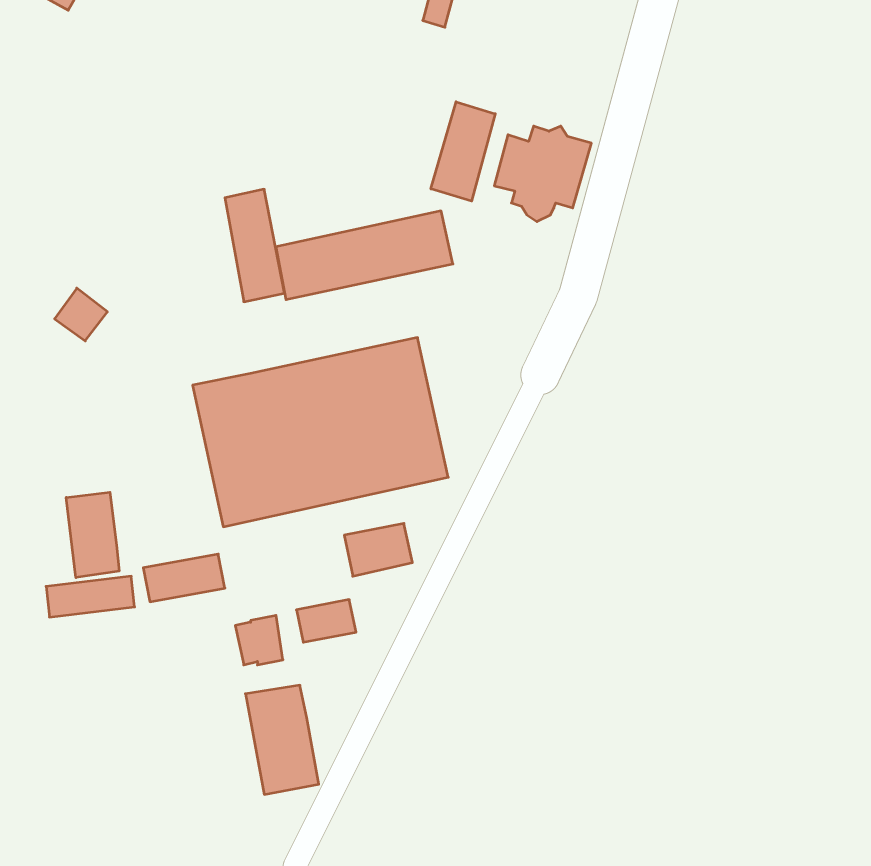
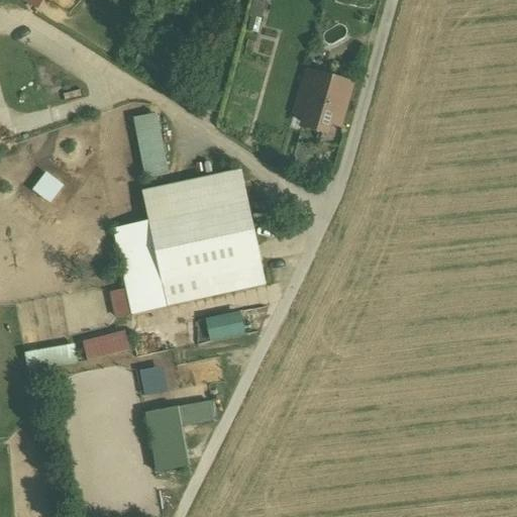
building: [431,102,495,201] -> none
building: [276,211,453,300] -> [142,169,247,221]
building: [66,492,119,578] -> none
building: [296,600,356,642] -> [178,400,213,425]

